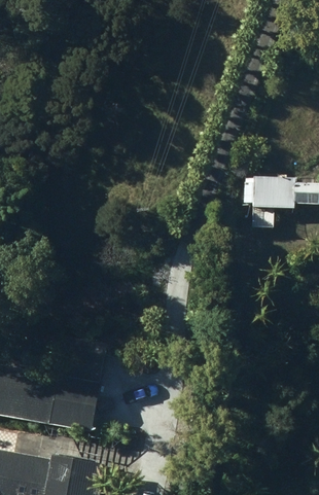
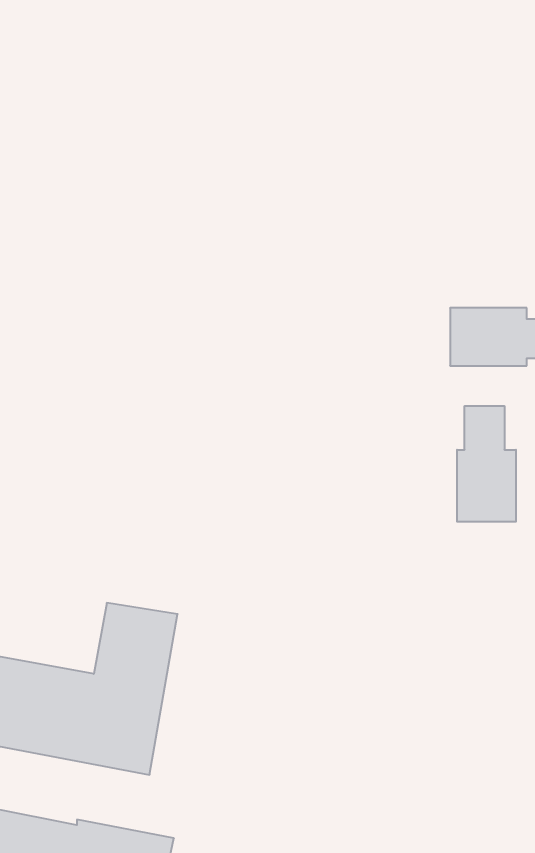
building: none -> [457,406,516,522]

